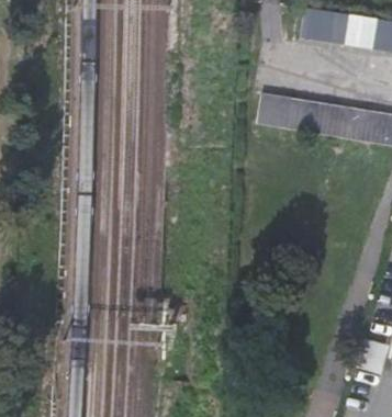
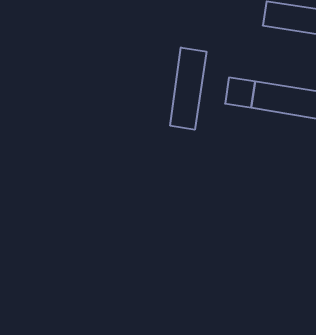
building: none -> [170,47,206,130]

